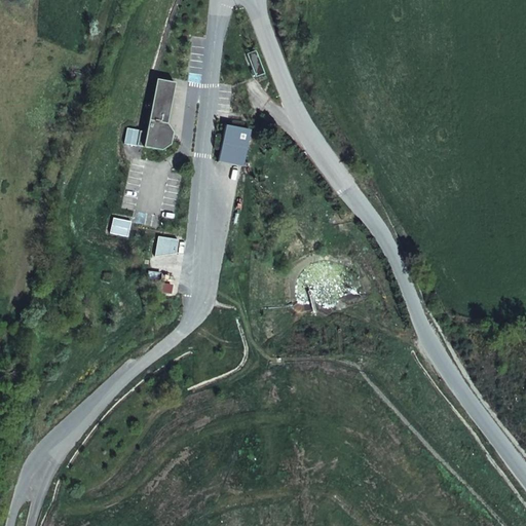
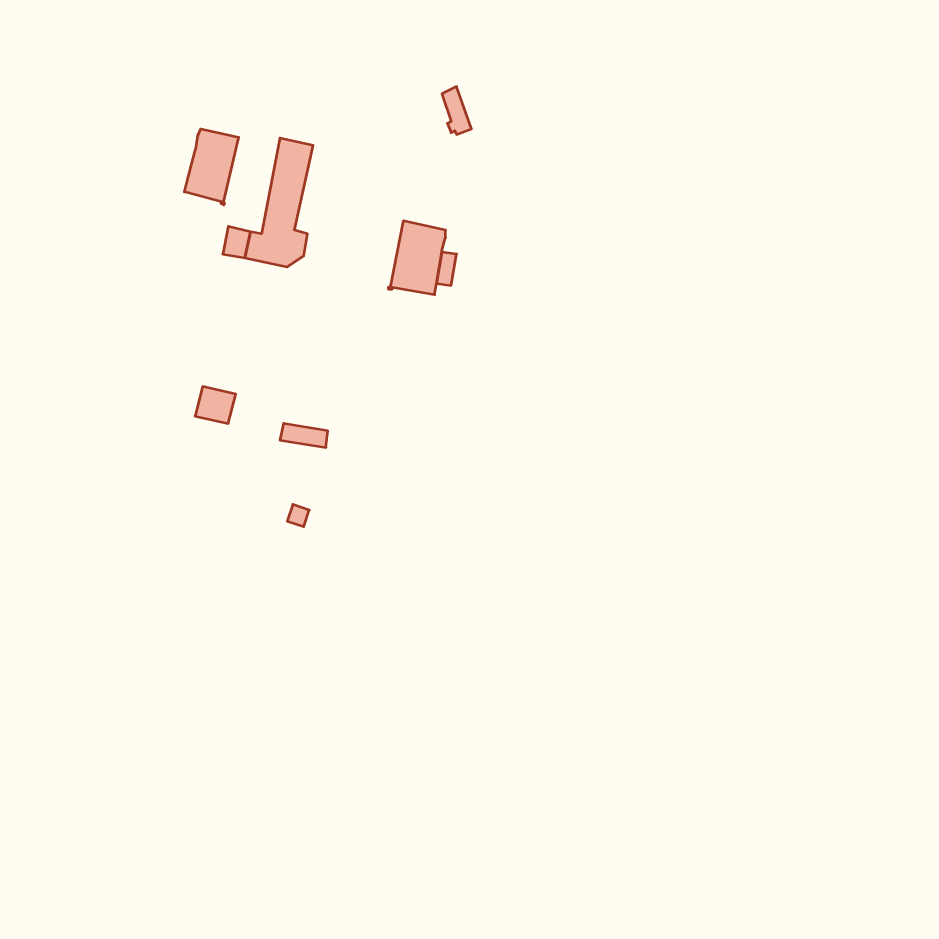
building: none -> [184,129,239,205]

